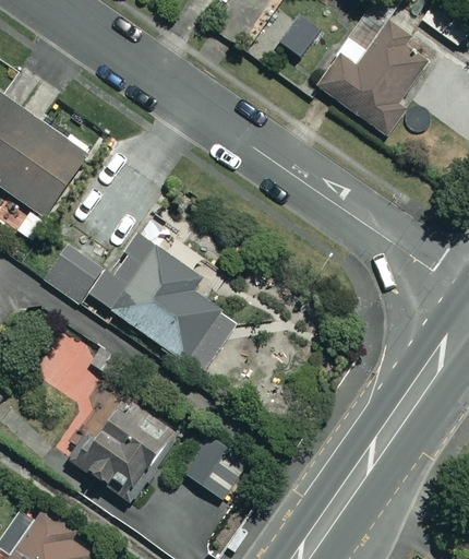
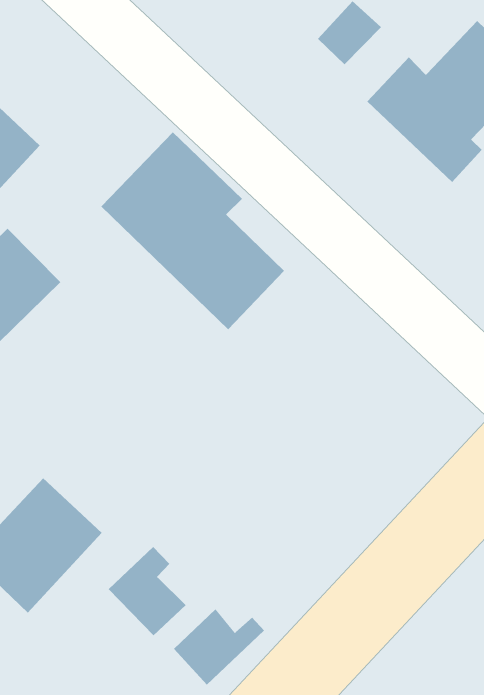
building: [96,236,237,374] -> [101,132,285,330]
building: none -> [173,609,265,686]

